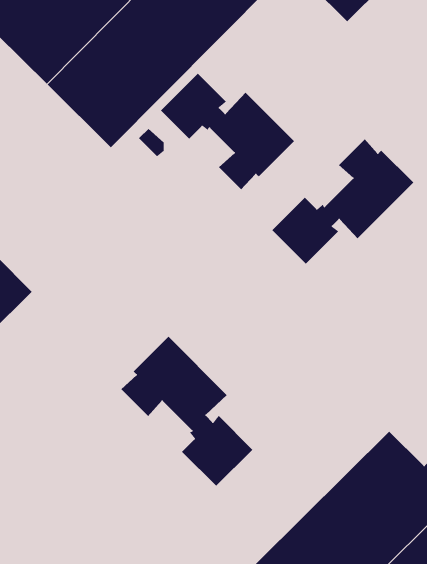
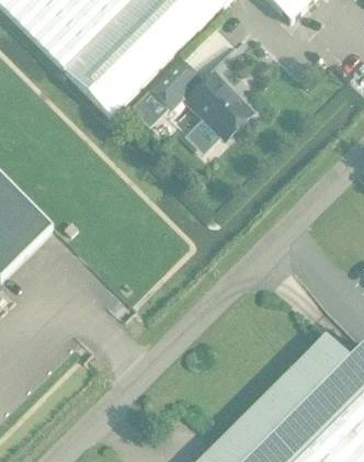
building: [272,138,414,264] -> none
building: [120,336,253,487] -> none

